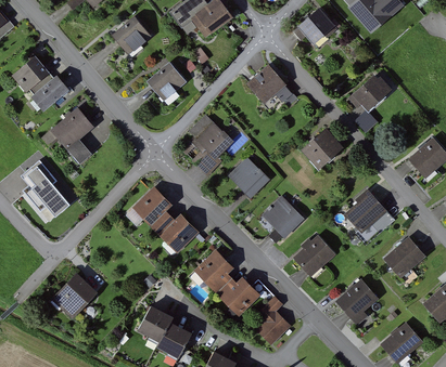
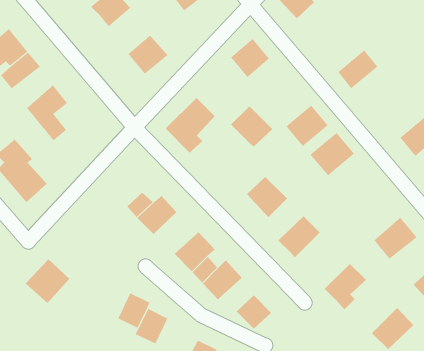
building: [229,157,270,197] -> [230,105,273,147]
building: [131,186,170,225] -> none
building: [343,191,386,233] -> [310,132,355,176]

